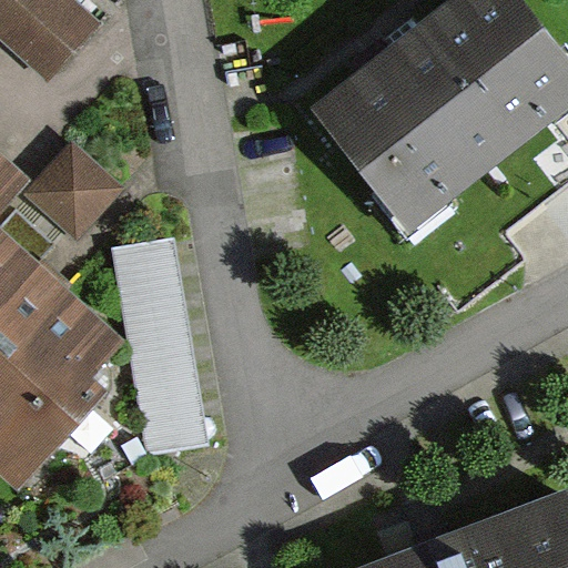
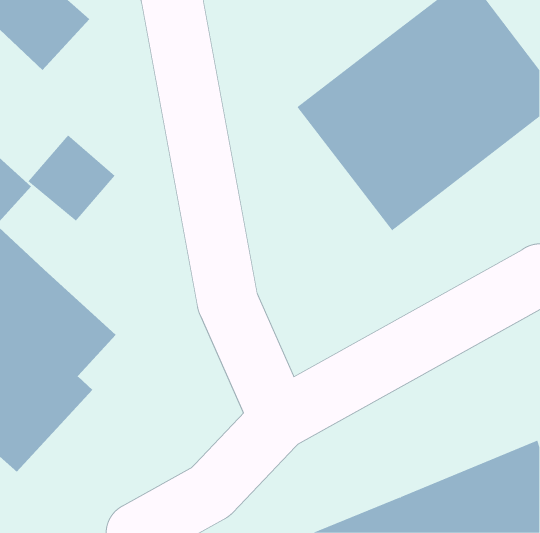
building: [113,237,211,445] -> none

